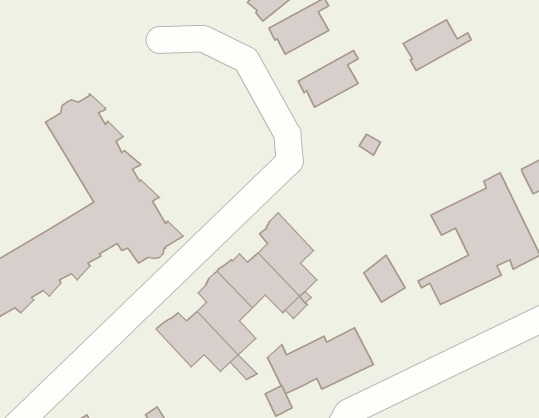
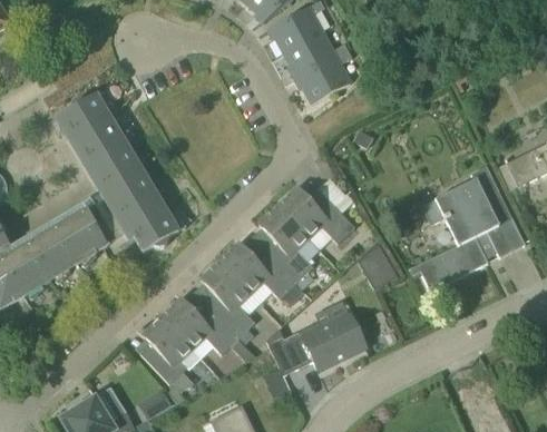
building: [403,20,471,70] -> [282,30,346,78]
building: none -> [275,185,354,243]
building: none -> [139,313,193,392]

